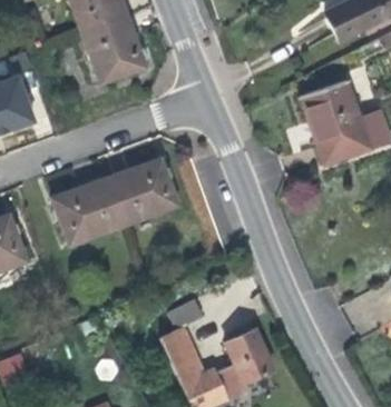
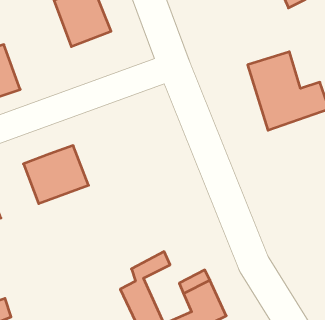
building: [104,161,177,226] -> none

